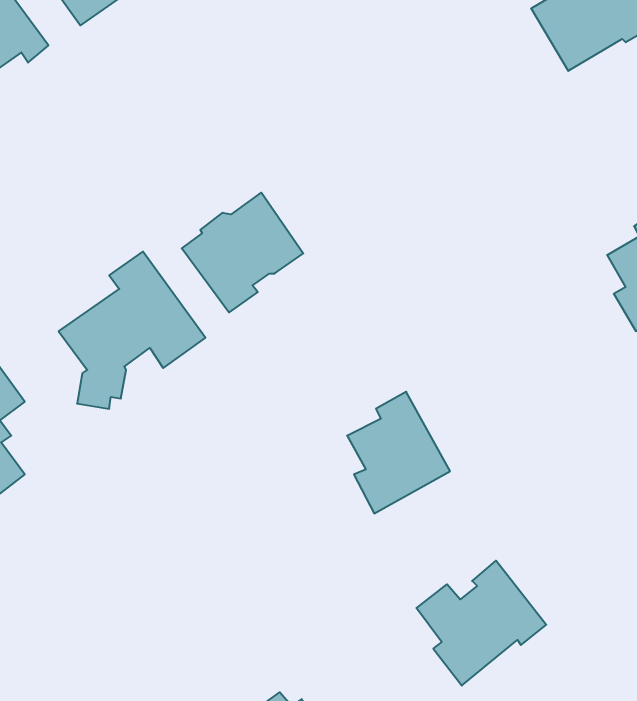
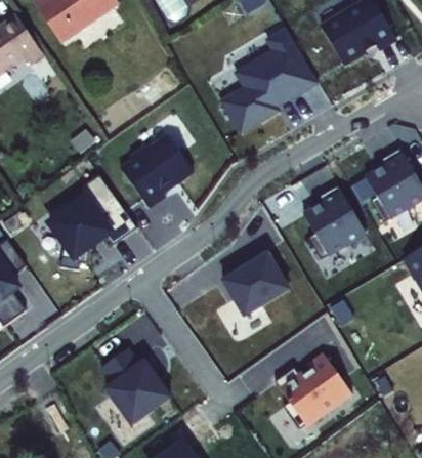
building: none -> [228,29,326,133]
building: none -> [308,188,372,261]
building: none -> [95,344,167,420]

